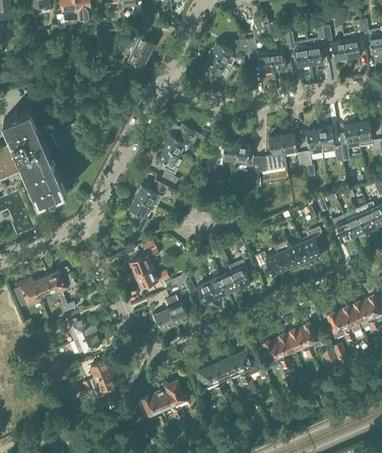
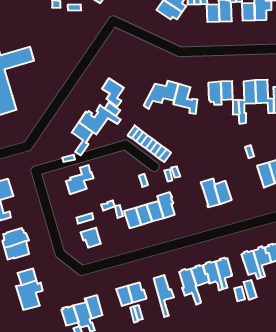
building: [162,123,198,153] -> none
building: [300,225,326,259] -> none
building: [256,251,284,277] -> none
building: [135,266,169,286] -> none
building: [165,295,189,323] -> none
building: [221,353,252,395] -> none

